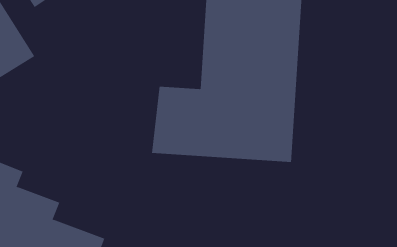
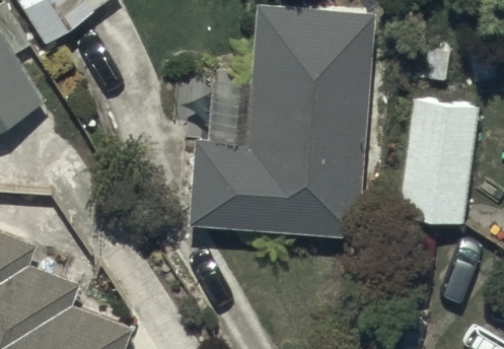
building: none -> [399,98,477,221]

